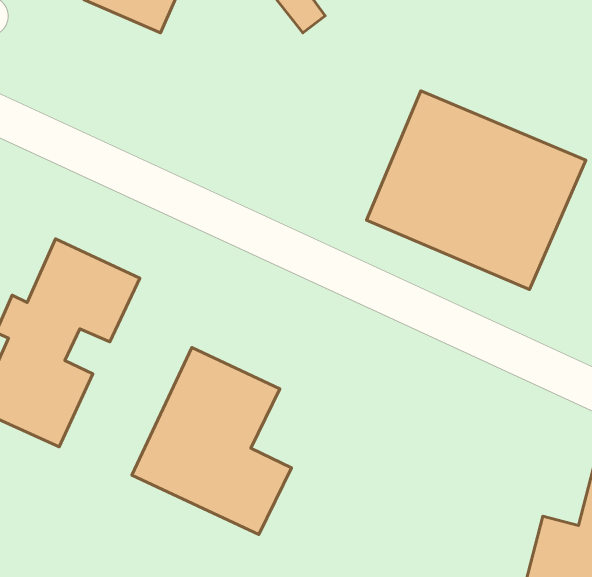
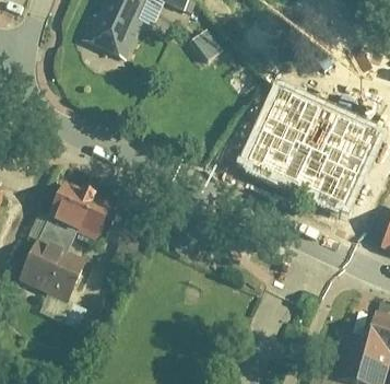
building: [132,347,291,535] -> none

